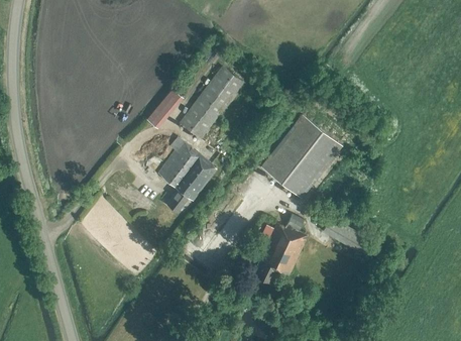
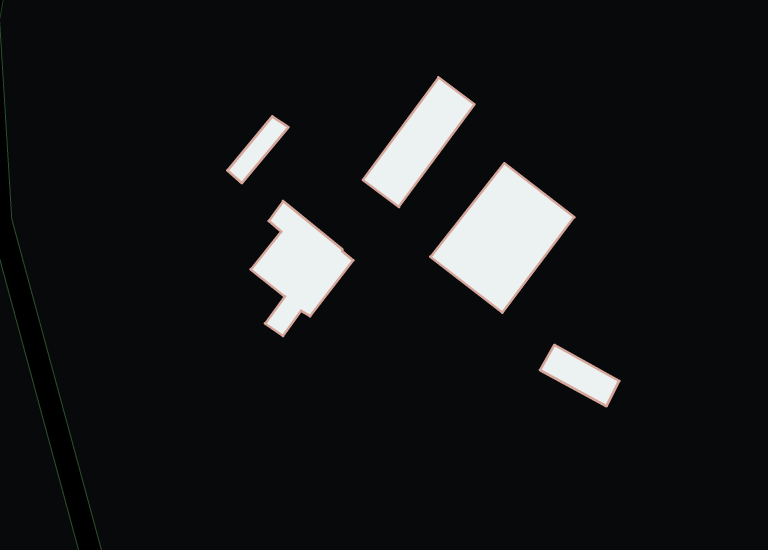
building: [181,67,243,139] -> [363,77,474,207]
building: [254,215,307,283] -> none

